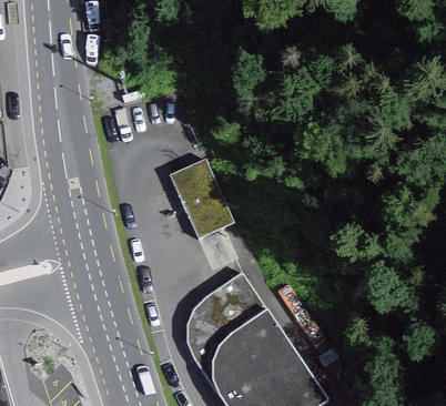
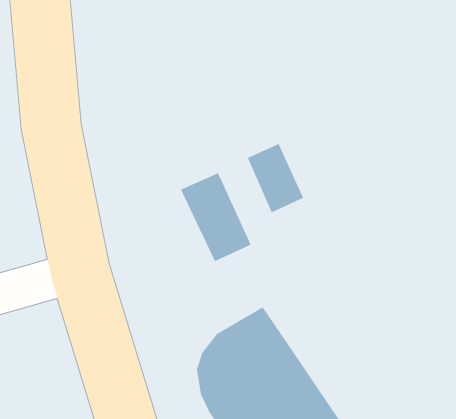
building: none -> [247,143,304,213]

